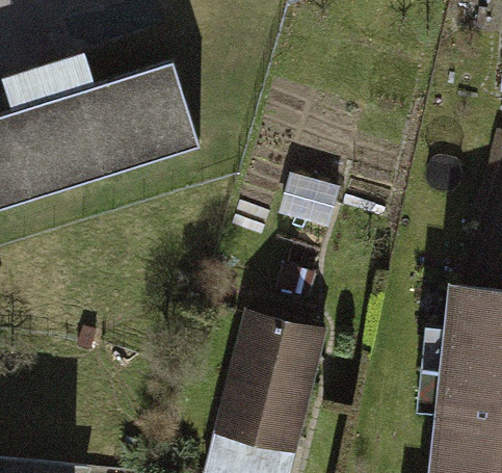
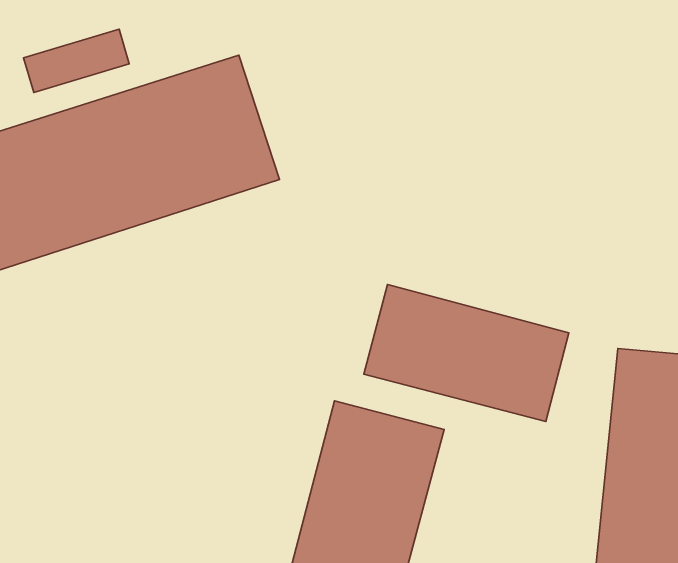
building: none -> [364,285,569,421]

